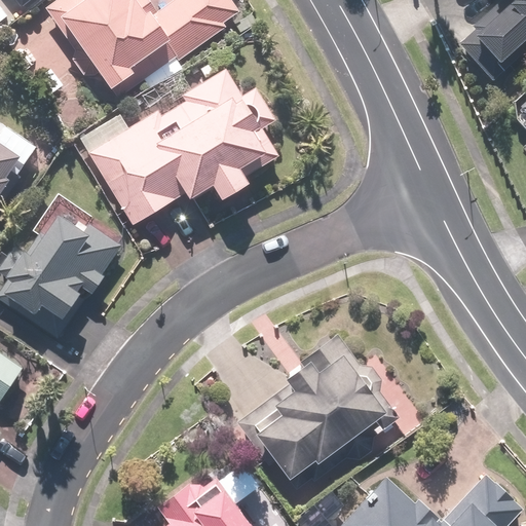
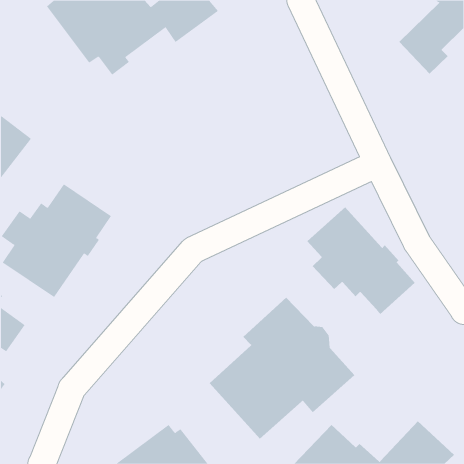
building: [92,66,284,226] -> none
building: none -> [306,207,416,315]

